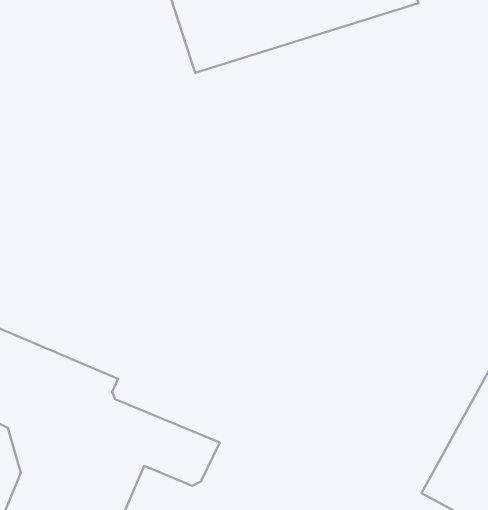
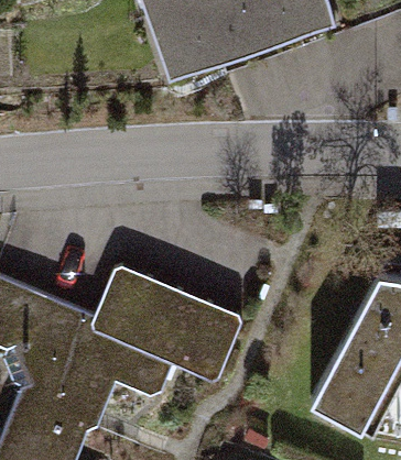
building: none -> [90,266,241,381]

